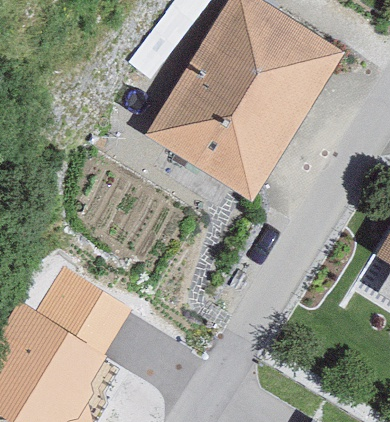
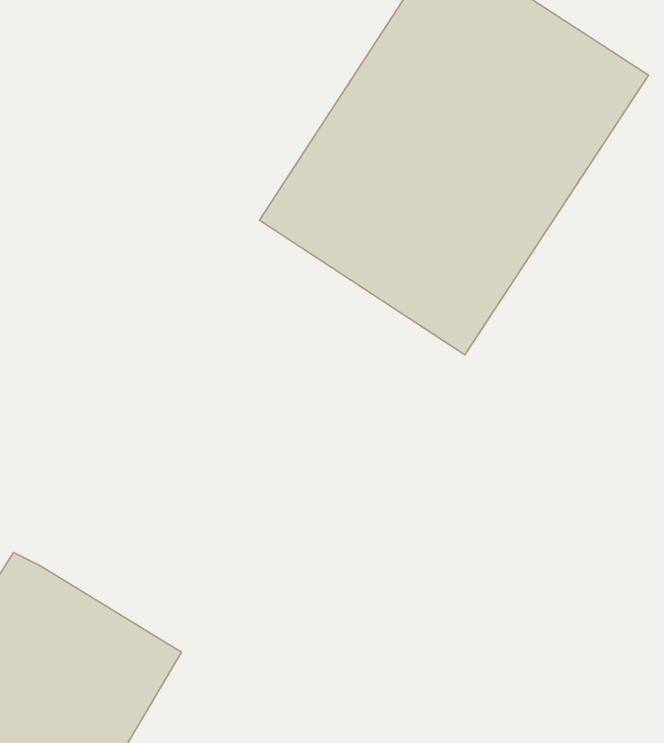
building: [34,264,134,353] -> none

